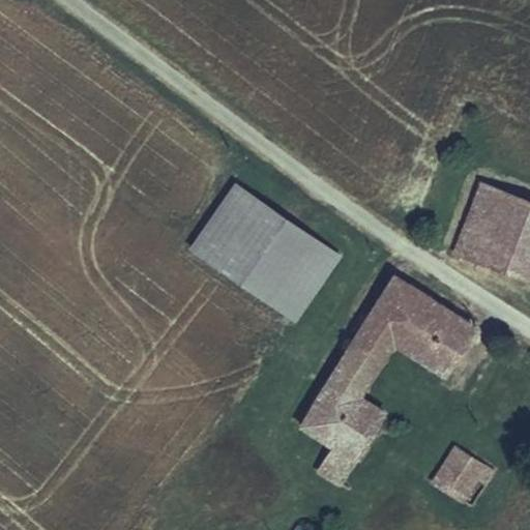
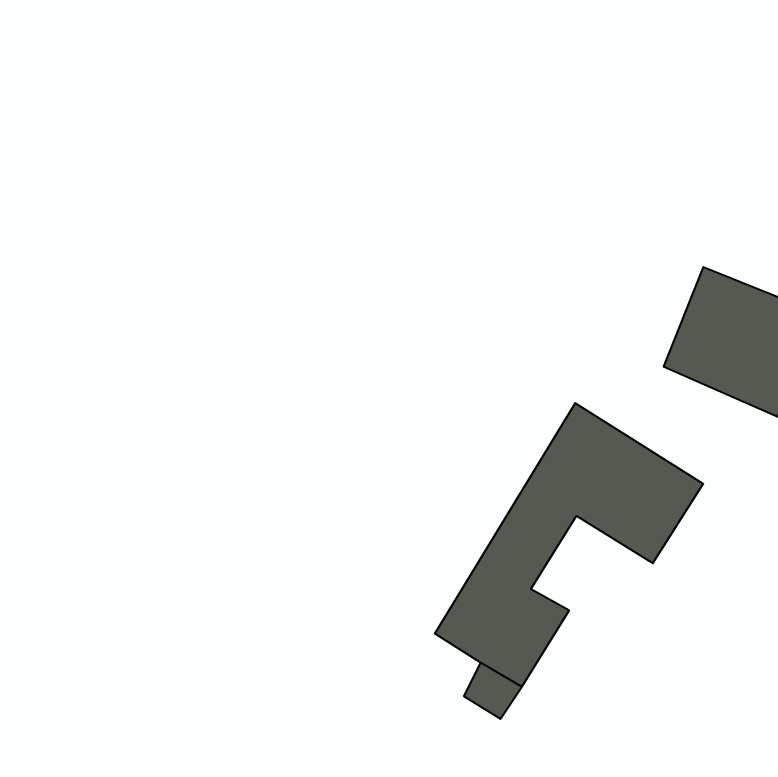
building: [189,183,343,324] -> none
building: [432,444,498,504] -> none

